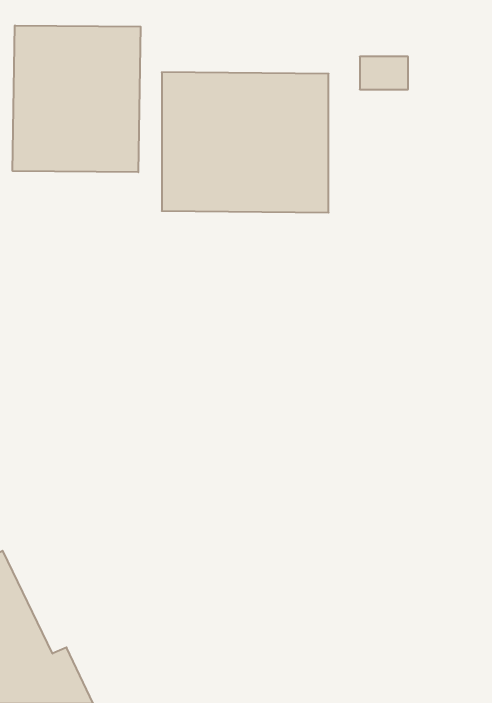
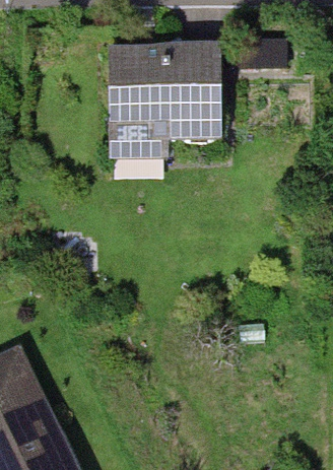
building: [13,25,141,172] -> none

